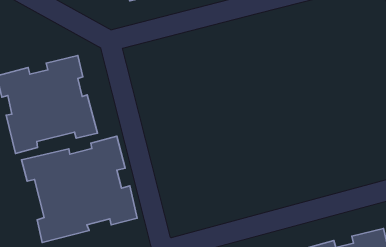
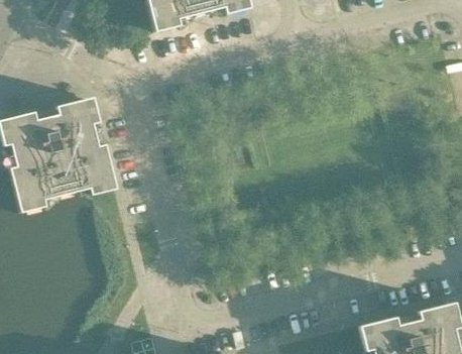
building: [22,136,137,242] -> none

